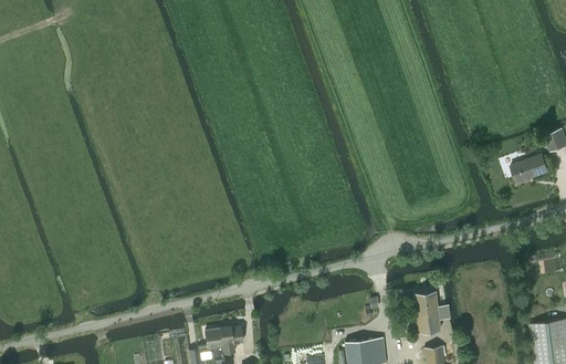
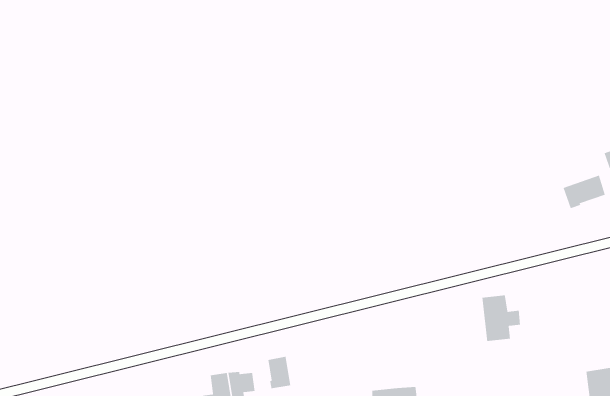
building: [415,293,449,334] -> [481,295,521,342]
building: none -> [267,356,291,389]

